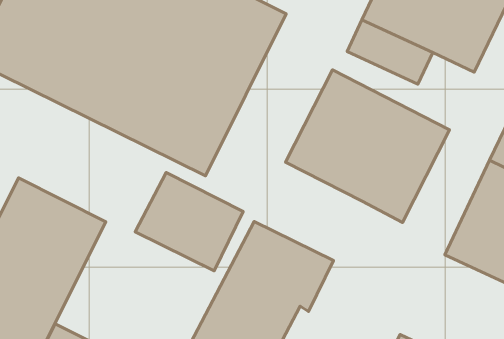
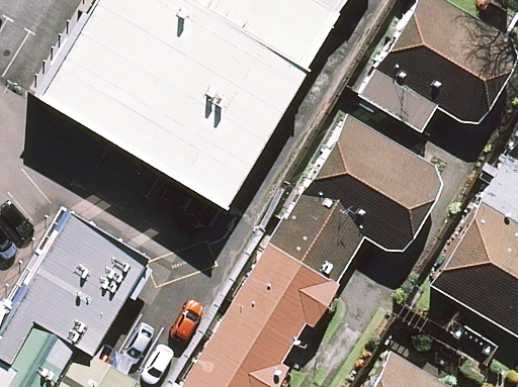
building: [135,173,243,271] -> [269,196,366,286]

